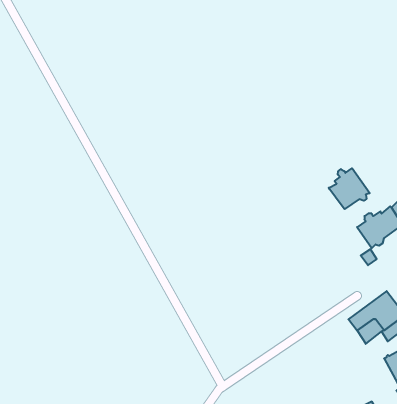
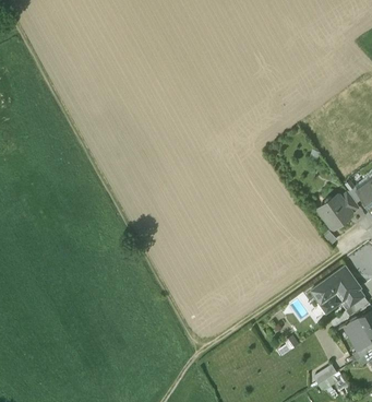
building: [329,168,370,209] -> none

